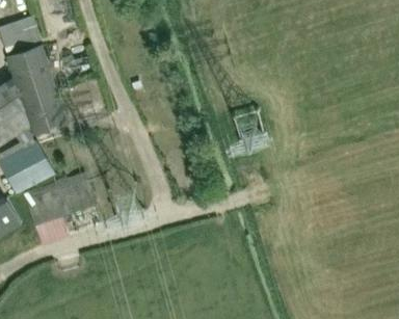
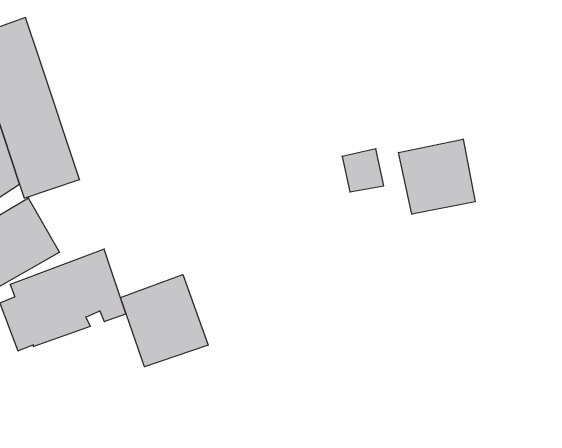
building: none -> [399,139,475,214]
building: none -> [120,275,208,367]

